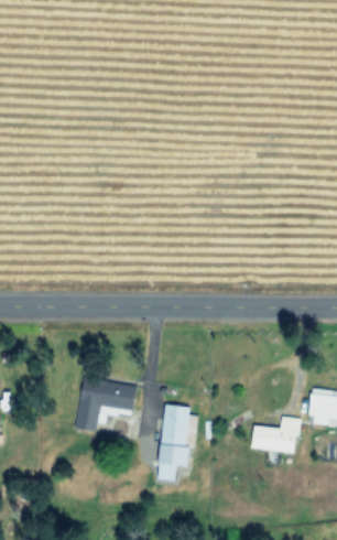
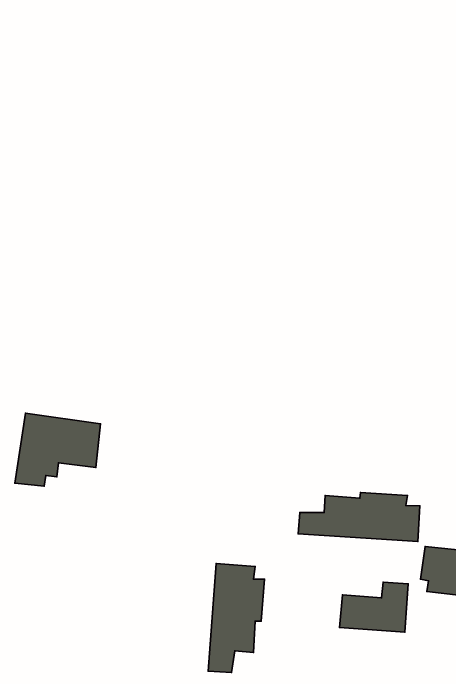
building: none -> [298,493,420,541]
building: [75,378,135,430] -> [15,413,101,486]

